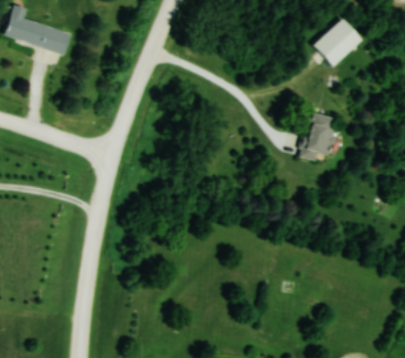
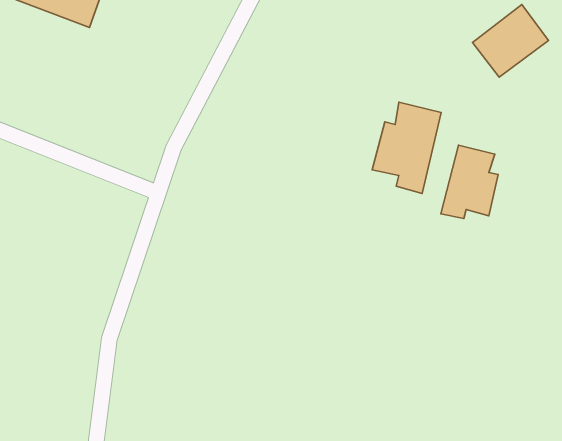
building: none -> [372,102,441,193]

